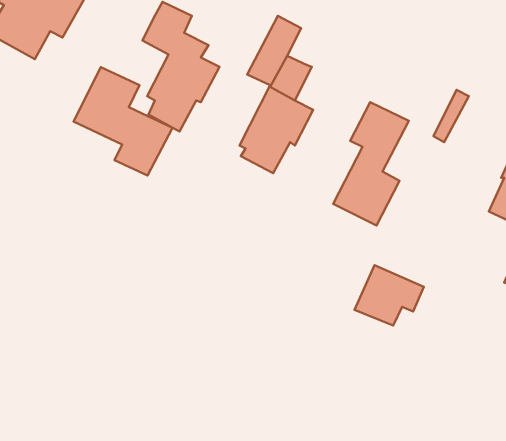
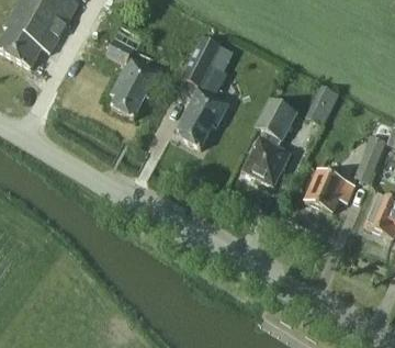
building: [73,67,173,176] -> none
building: [355,265,424,325] -> [305,168,354,211]

